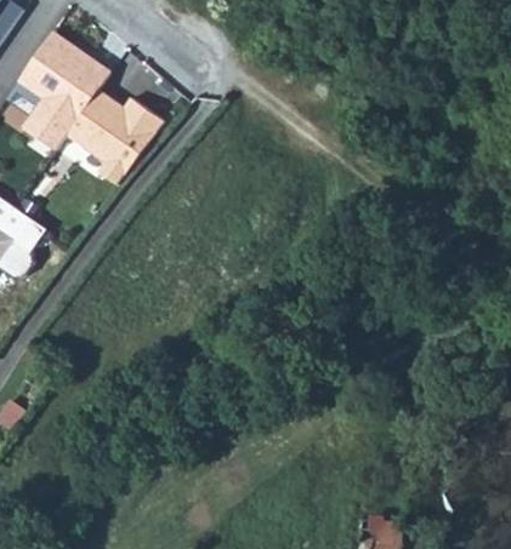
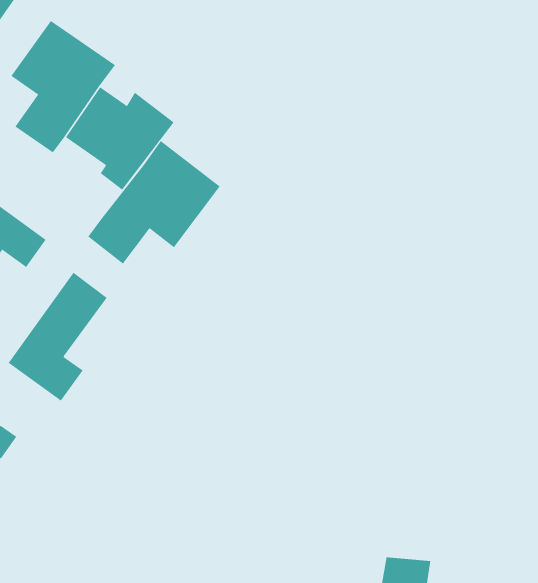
building: none -> [88,140,220,264]
building: none -> [8,272,107,401]

